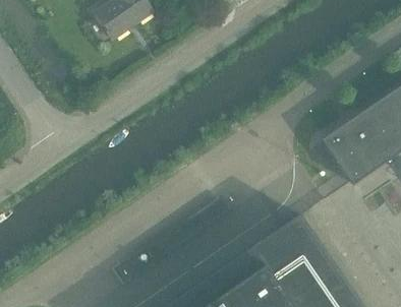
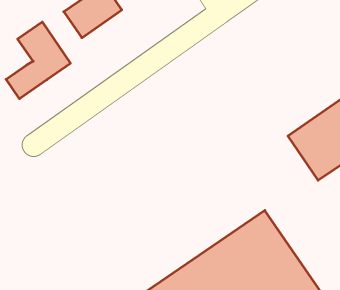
building: none -> [6,22,70,99]

